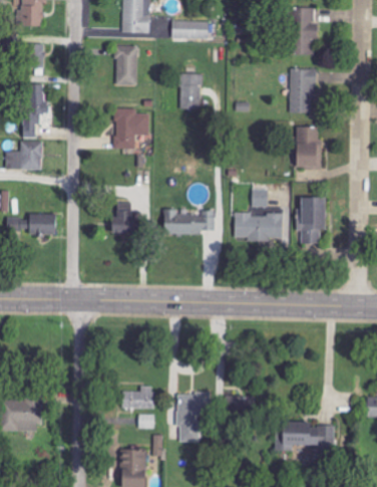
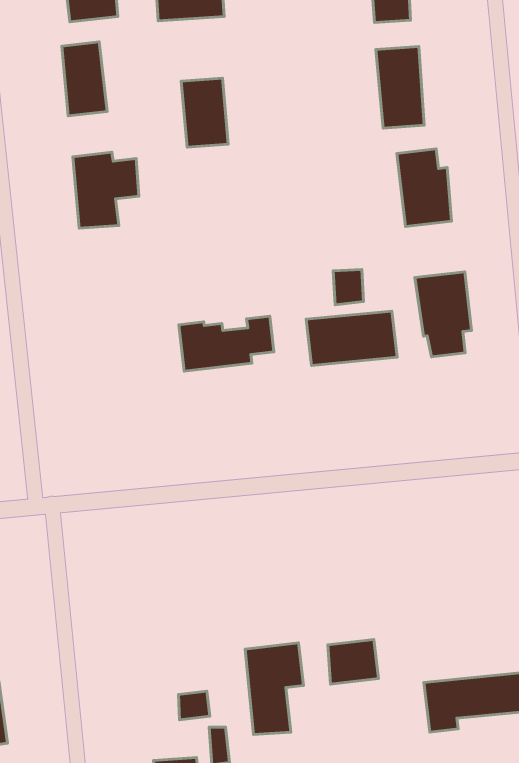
building: [110,203,132,232] -> none
building: [121,387,153,409] -> none

